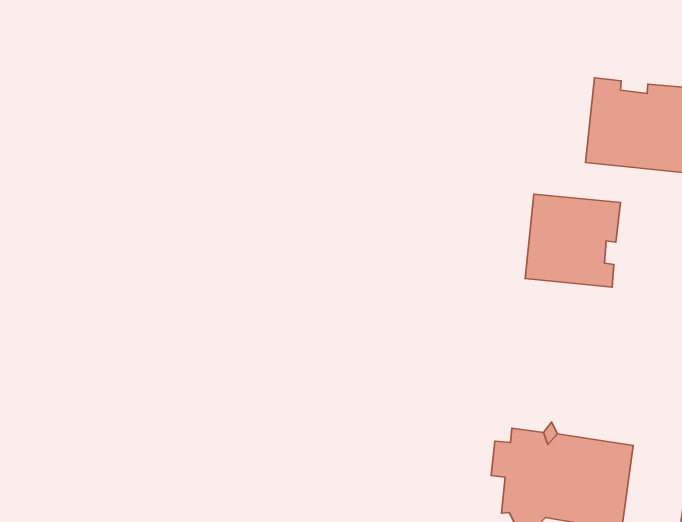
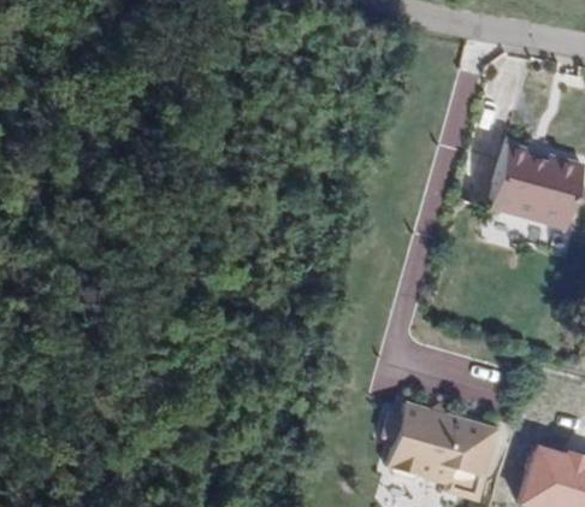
building: [525,194,621,287] -> none

